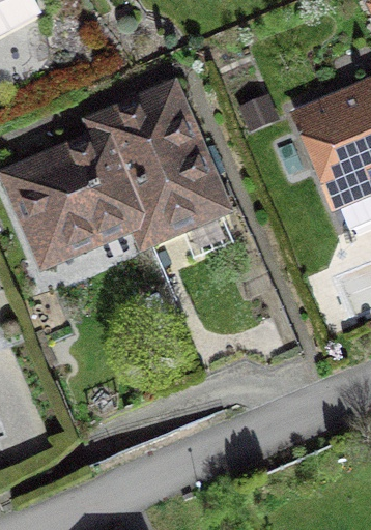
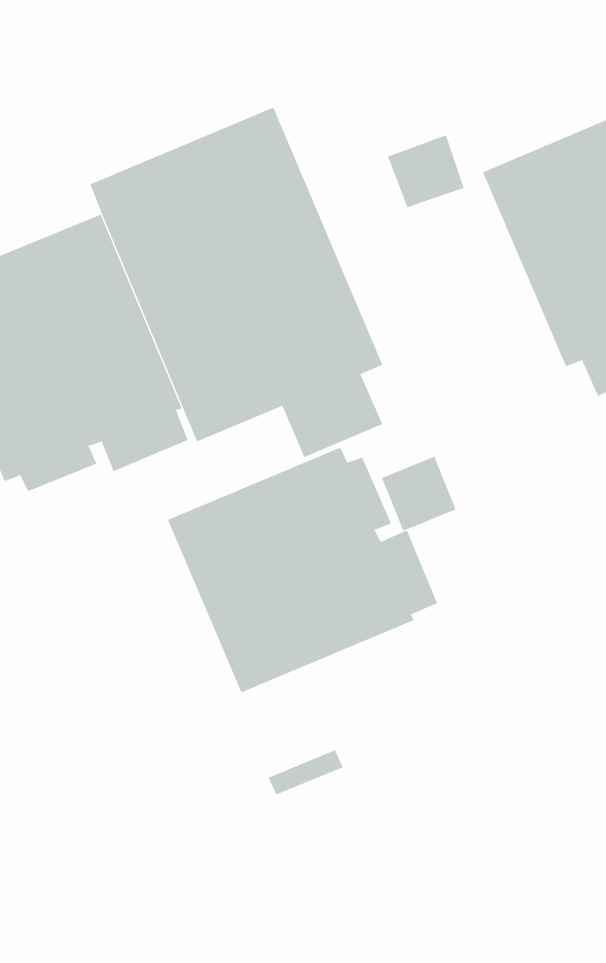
building: none -> [167,447,438,693]

